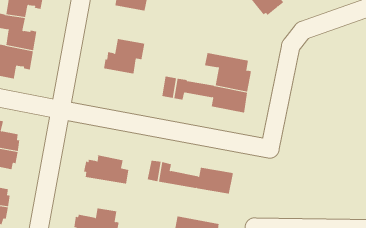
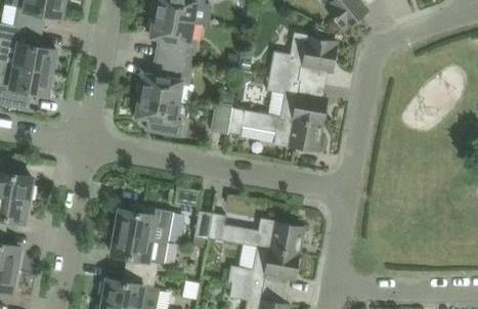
building: none -> [150,15,195,63]
building: none -> [270,34,337,85]
building: none -> [136,95,181,136]
building: none -> [110,232,169,275]
building: none -> [228,247,299,292]

